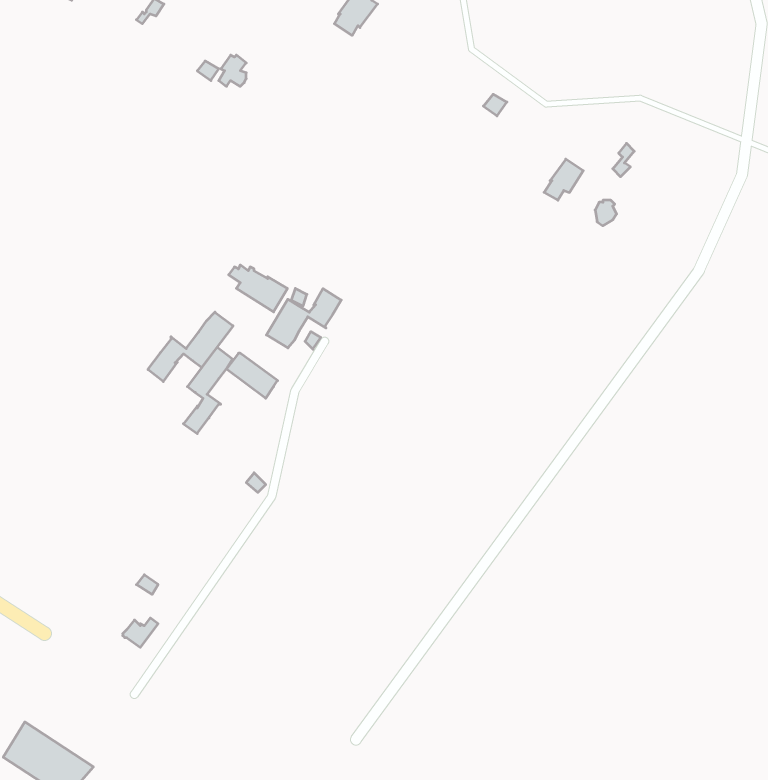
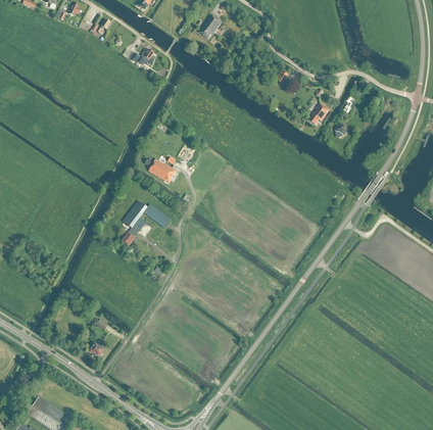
building: [266,289,341,348] -> none
building: [148,312,233,382] -> none

